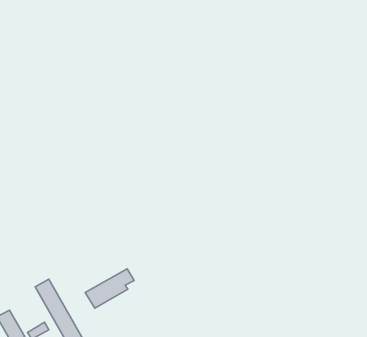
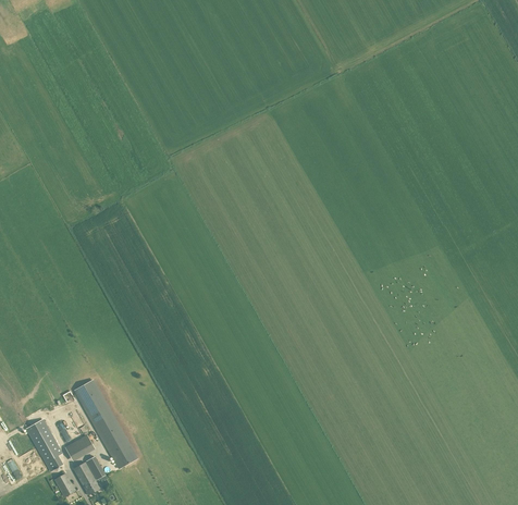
building: [85,269,134,308] -> none

